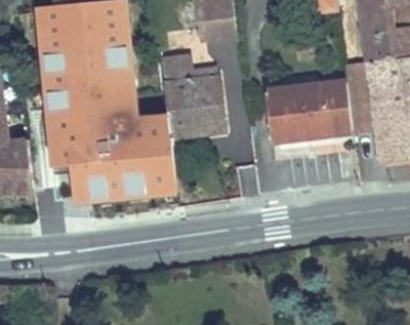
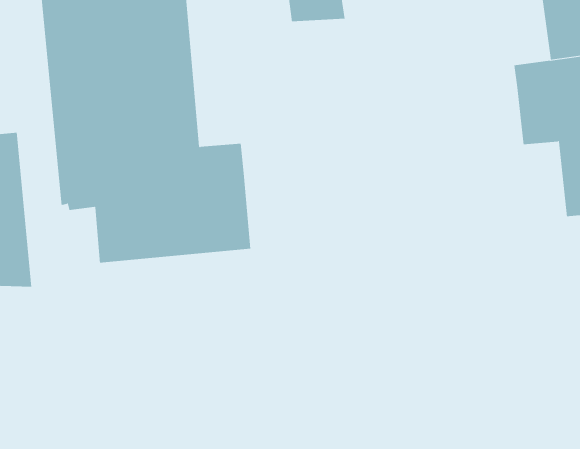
building: [167,43,222,137] -> none
building: [262,80,351,143] -> none

